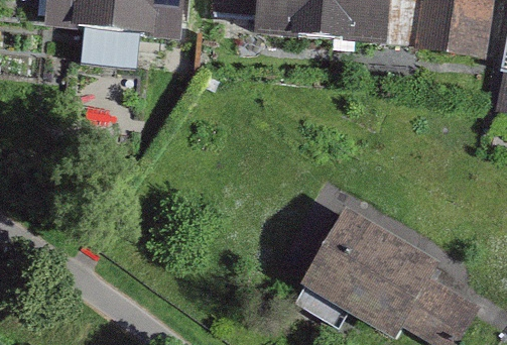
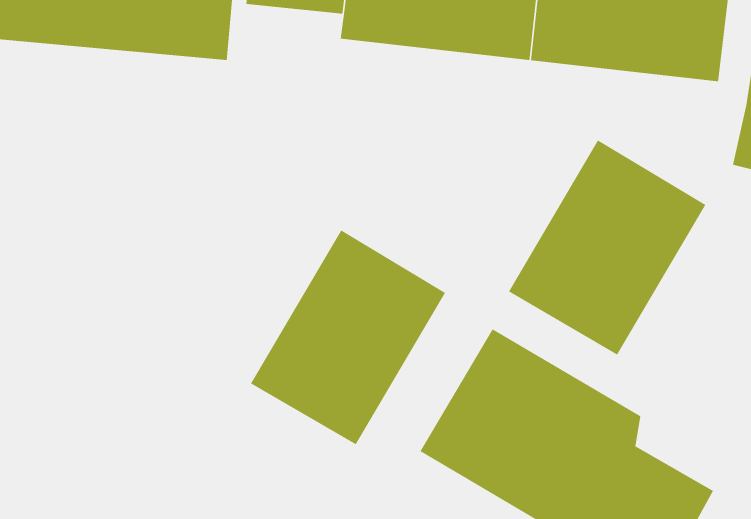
building: none -> [508,140,706,355]
building: none -> [250,230,446,445]

